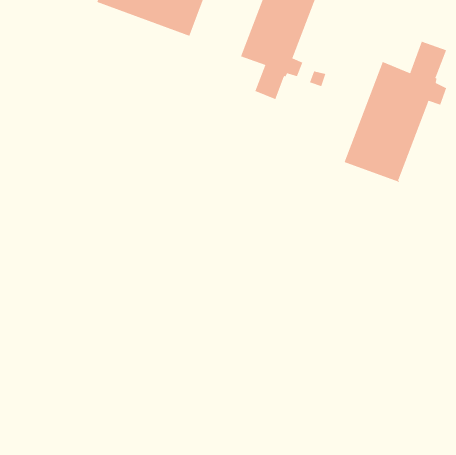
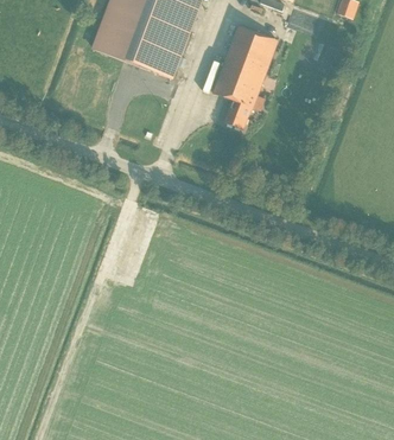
building: [344,41,447,183] -> none

